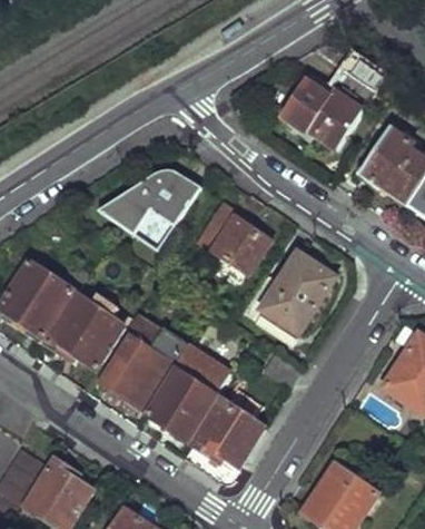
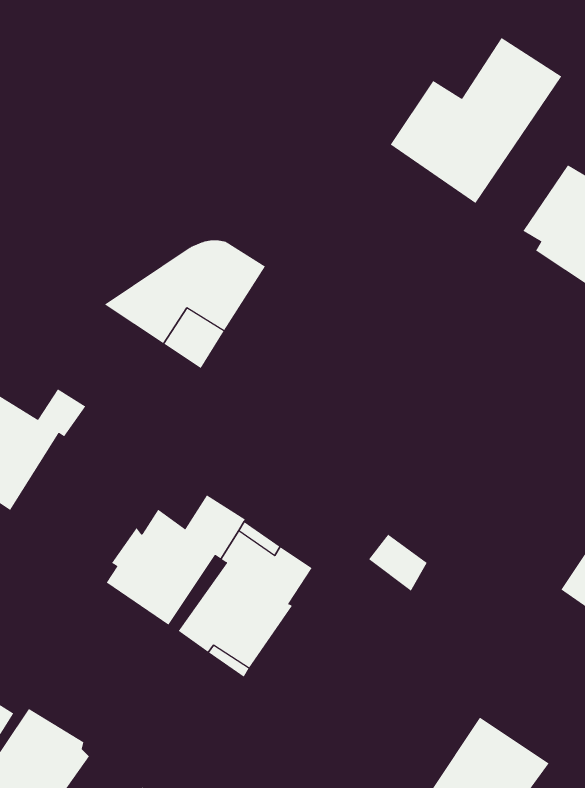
building: [198,205,268,273] -> none
building: [241,253,336,334] -> none
building: [46,295,126,370] -> none
building: [194,402,264,470] -> none

